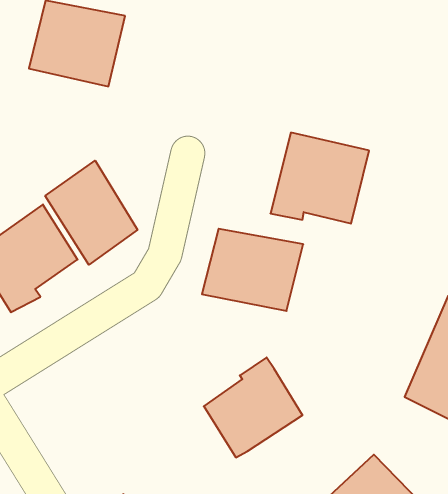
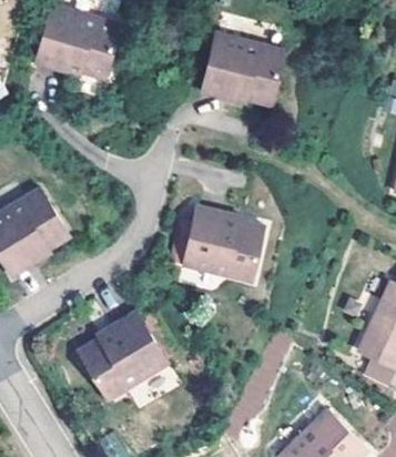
building: [270,133,369,224] -> [194,27,280,105]
building: [45,161,137,265] -> none
building: [204,357,303,457] -> [79,309,164,396]

